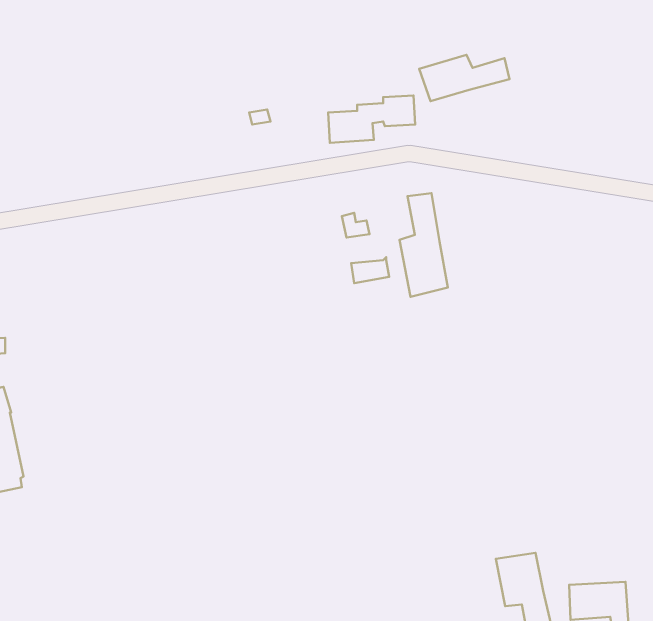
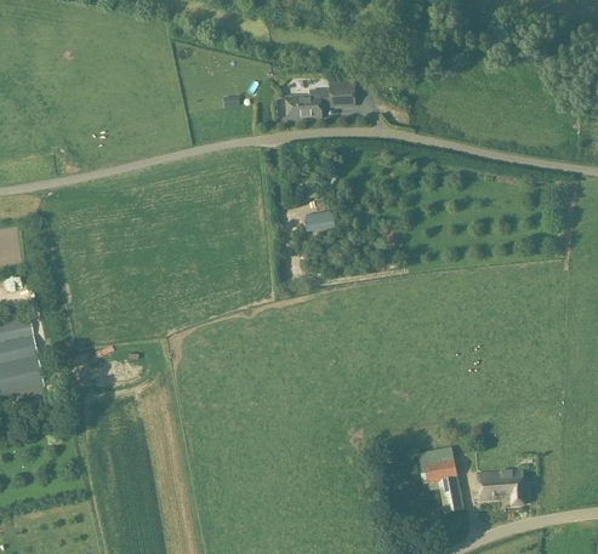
building: [419,55,510,101] -> none
building: [399,193,448,297] -> none

